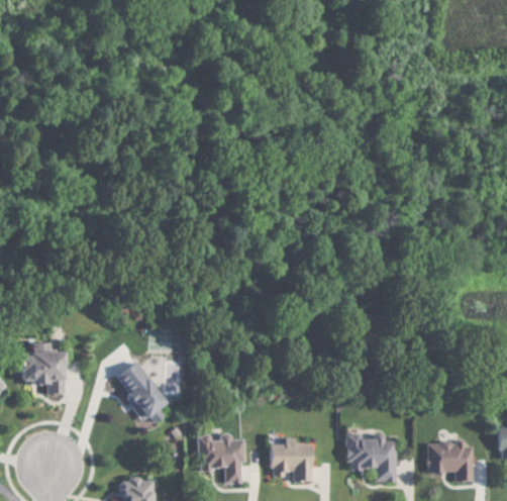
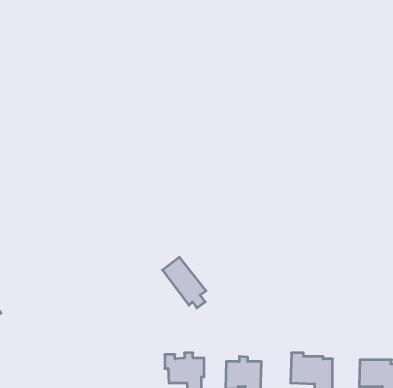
building: [18,340,63,393] -> none
building: [113,362,165,421] -> [162,257,206,308]

